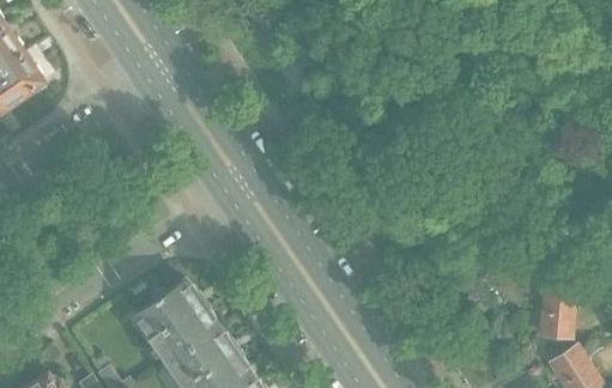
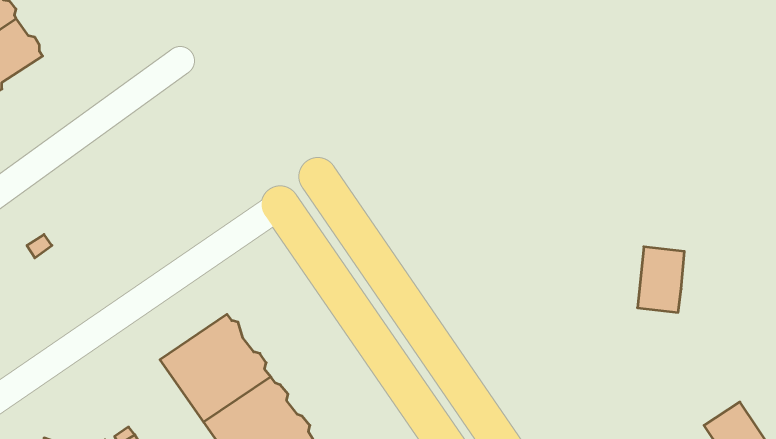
building: [539,290,575,340] -> [637,247,684,312]

